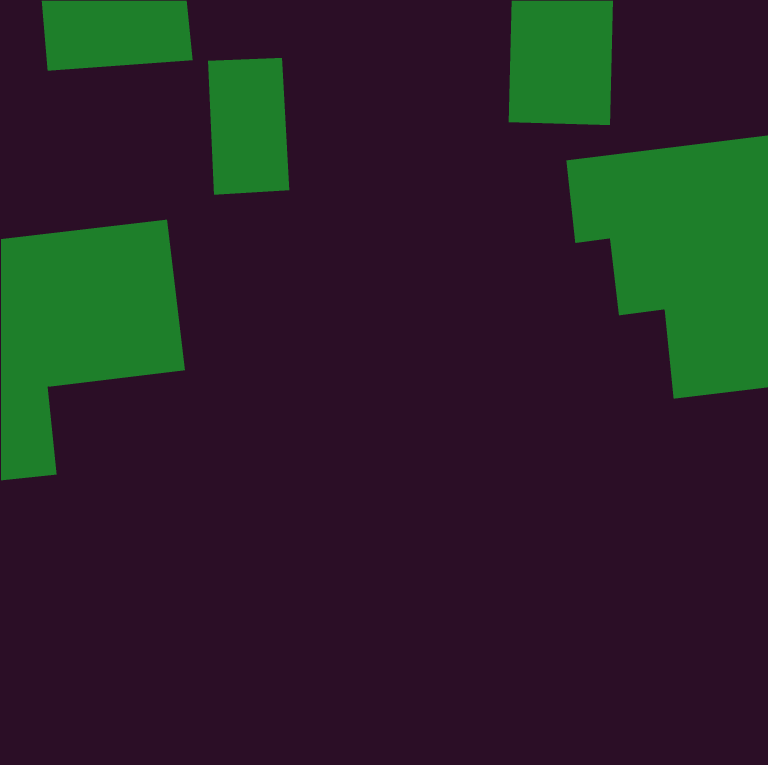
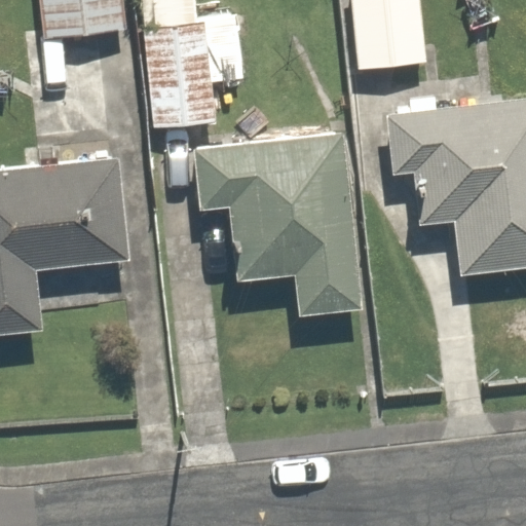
building: none -> [192,133,360,314]

